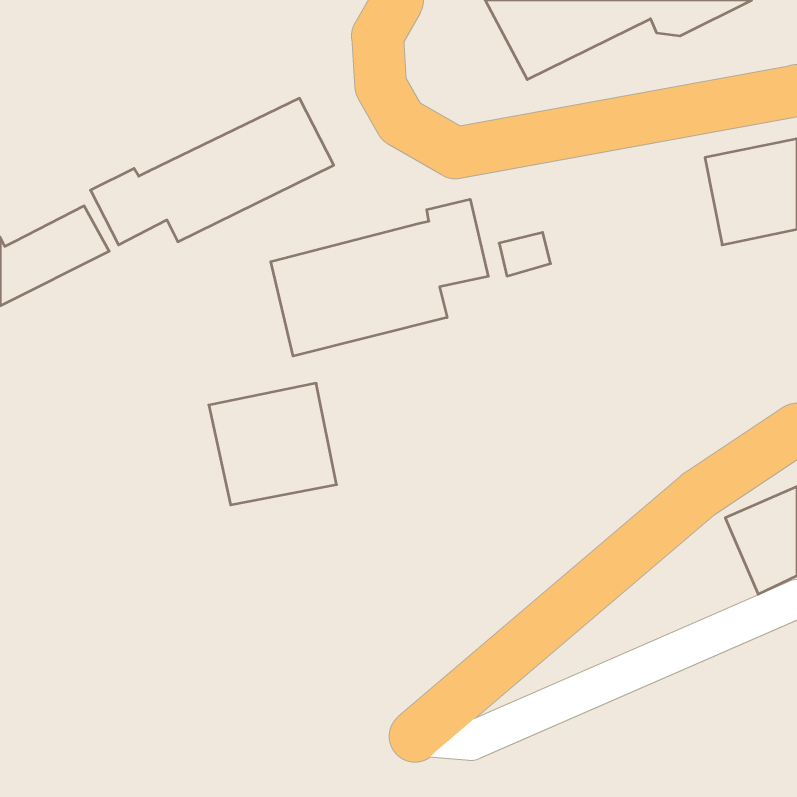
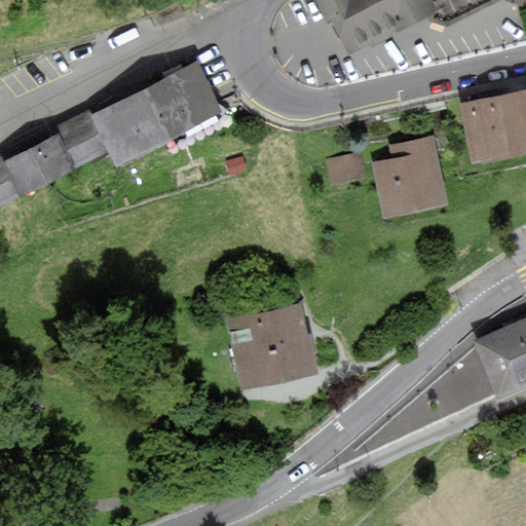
building: [271,199,488,356] -> none
building: none -> [377,137,444,212]
building: [209,383,337,505] -> [232,302,316,382]

